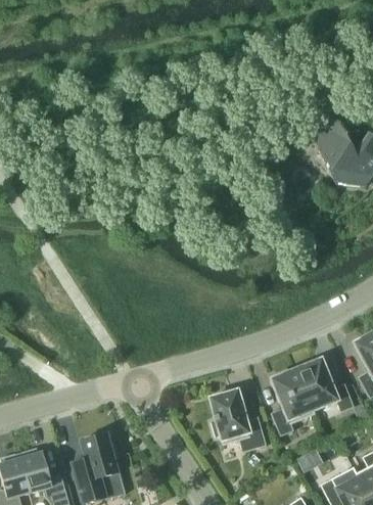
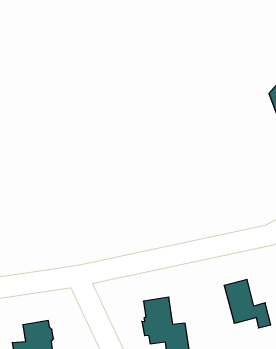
building: [271,369,315,435] -> none

